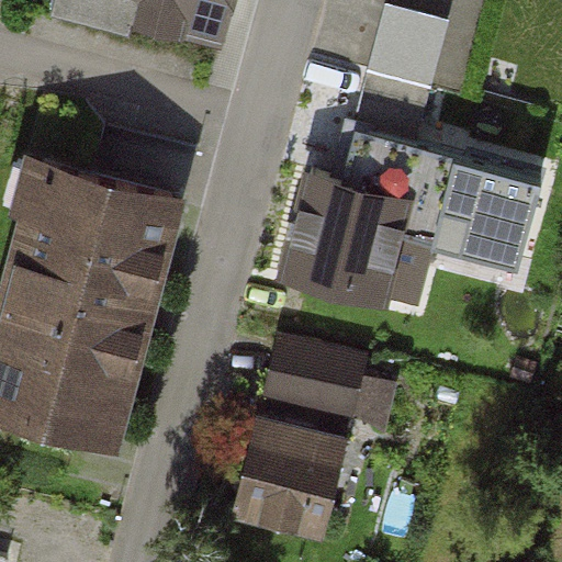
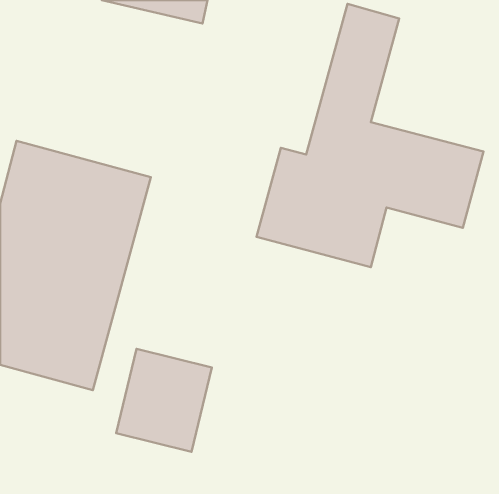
building: [271,342,391,414] -> none
building: [232,425,339,540] -> [116,349,212,452]

